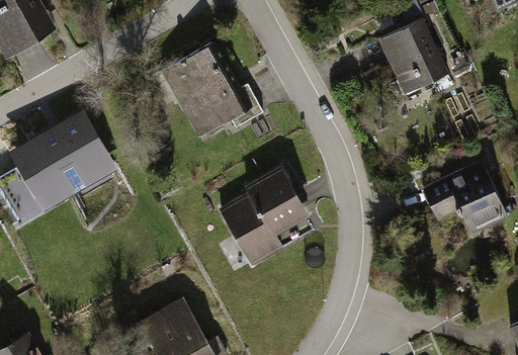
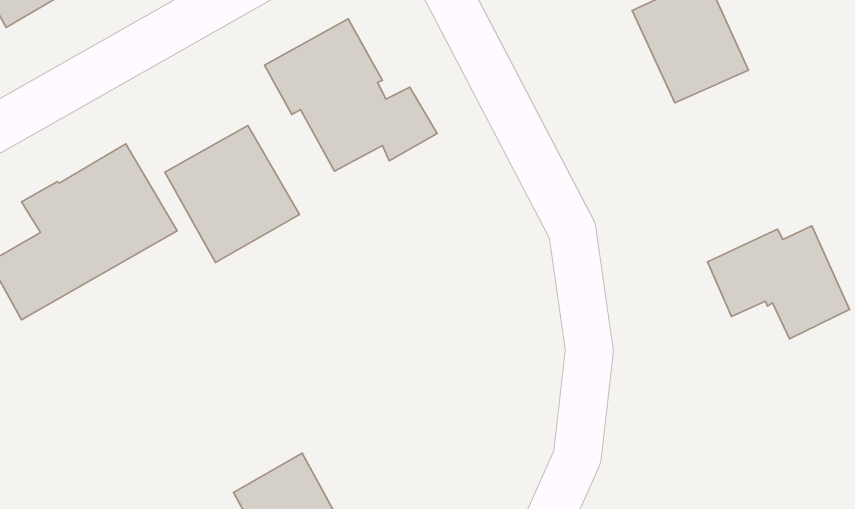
building: none -> [165,126,300,262]
building: [222,167,306,261] -> none

